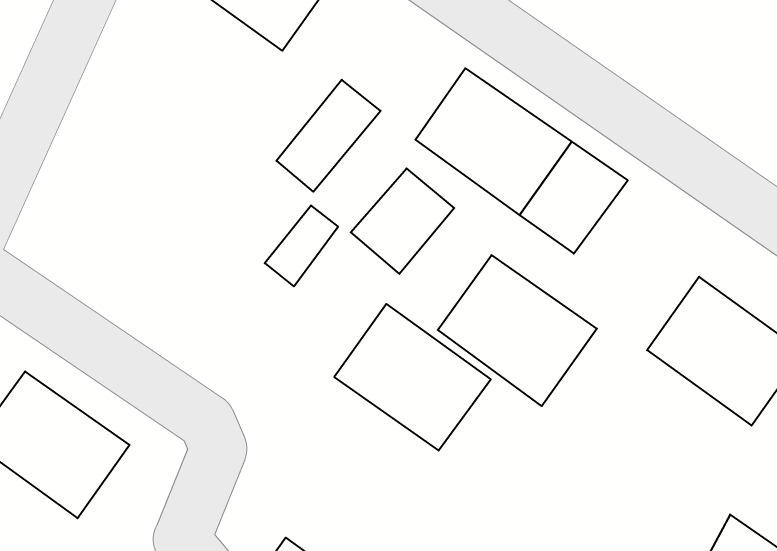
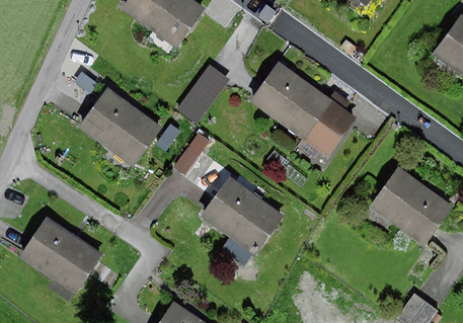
building: none -> [76,87,158,165]
building: [351,168,454,274] -> none
building: [438,255,597,406] -> none

